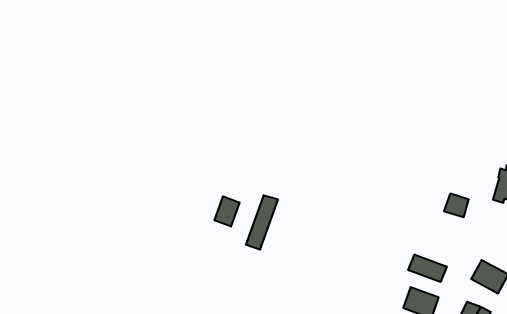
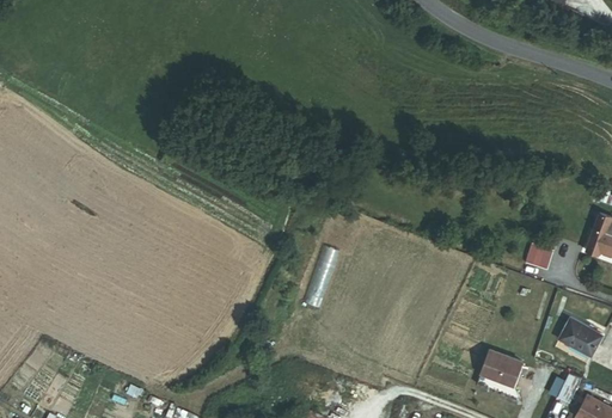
building: [214,196,240,227] -> none
building: [408,254,447,282] -> none

